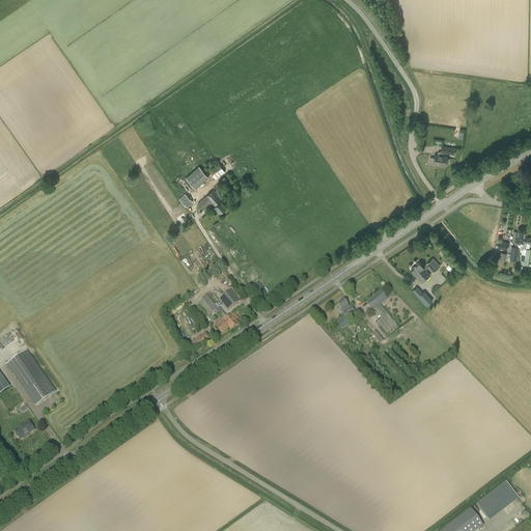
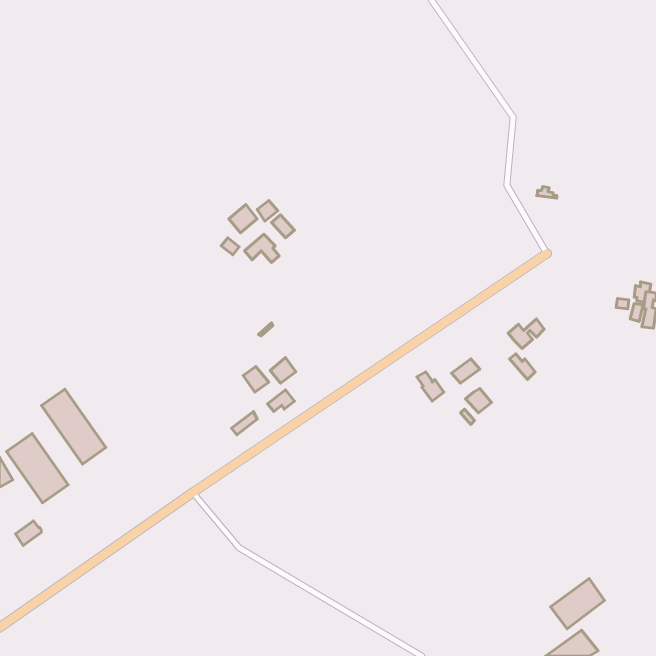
building: none -> [41,389,106,464]
building: [476,480,520,521] -> [551,579,605,629]

